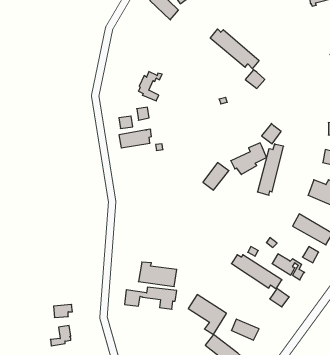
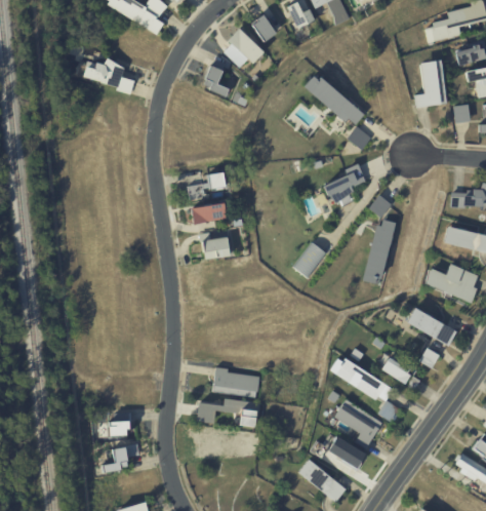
building: none -> [81,56,134,93]
building: none -> [415,58,447,106]
building: [138,72,162,101] -> [204,60,234,96]
building: [231,143,267,175] -> [321,162,366,202]
building: none -> [204,237,232,260]
building: [188,295,226,335] -> [334,399,382,449]

